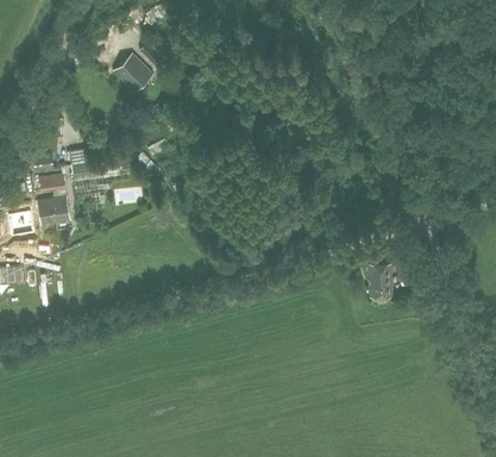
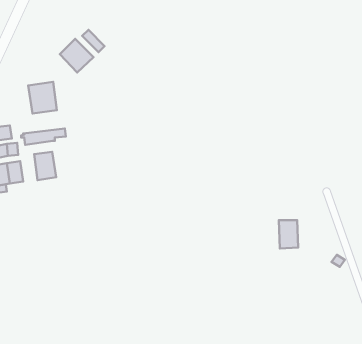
building: none -> [28,82,57,113]
building: none -> [34,152,56,180]

